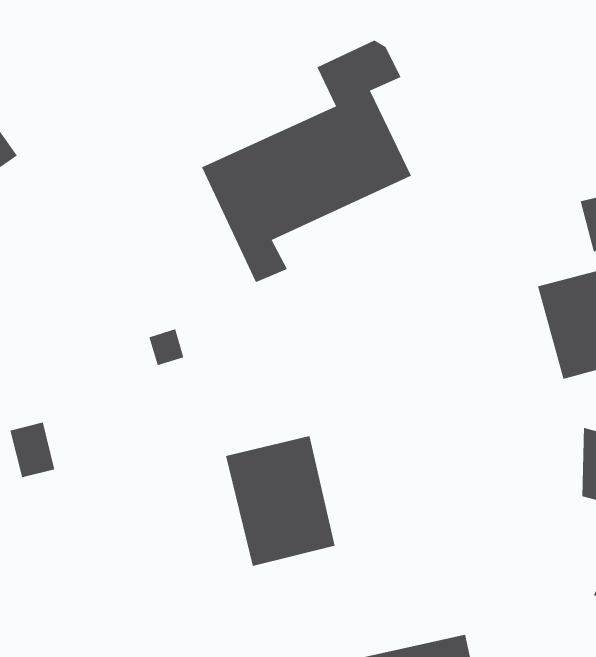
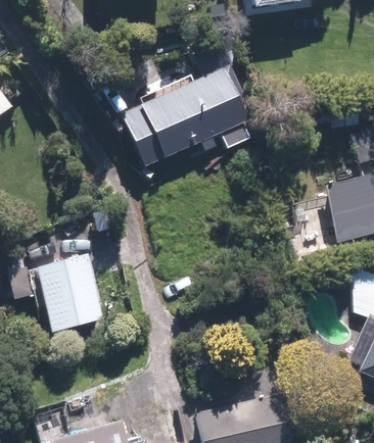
building: [225,436,335,566] -> [38,254,104,333]

